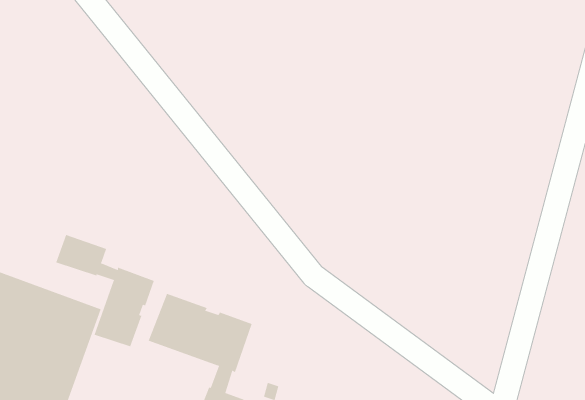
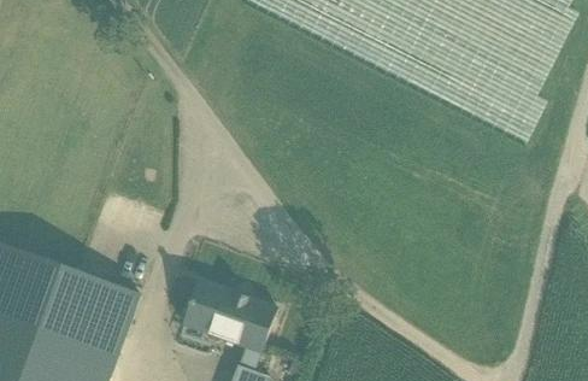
building: [55,234,155,347] -> none

